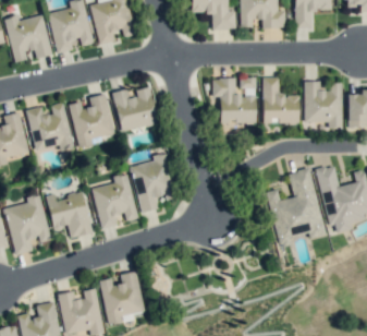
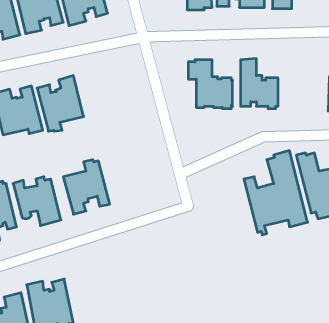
building: [305,82,342,129] -> none
building: [113,87,158,131] -> none
building: [129,155,175,215] -> none
building: [100,272,146,326] -> none

